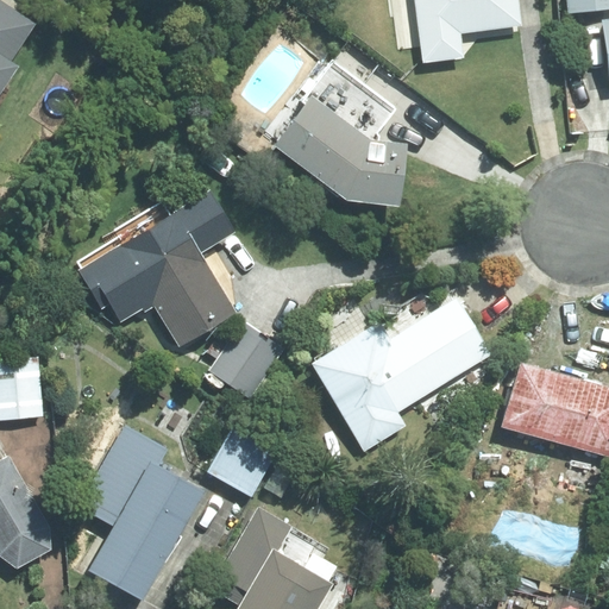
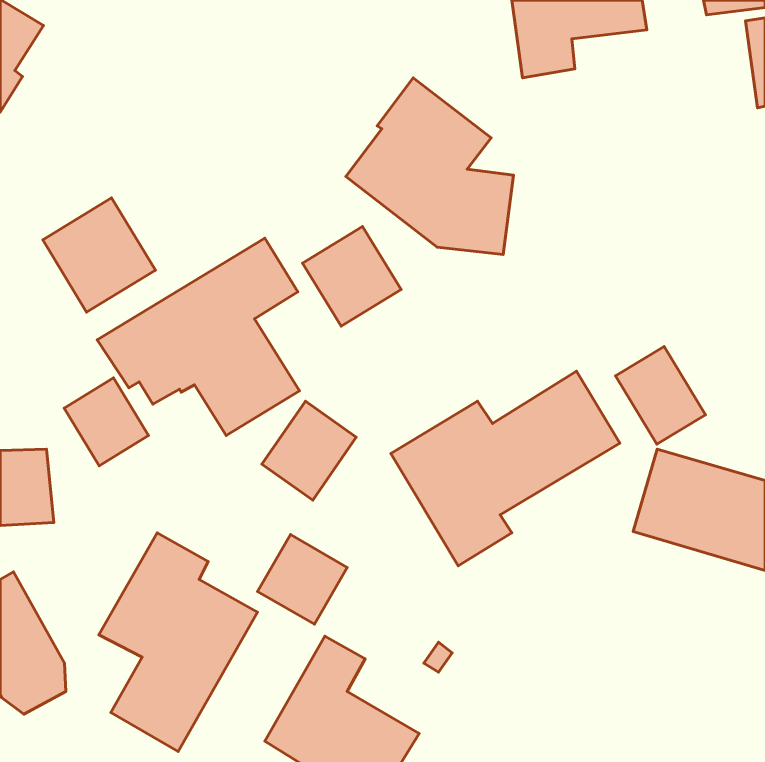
building: none -> [43,198,156,312]
building: none -> [302,227,401,326]
building: none -> [616,347,705,444]
building: none -> [64,378,148,466]

